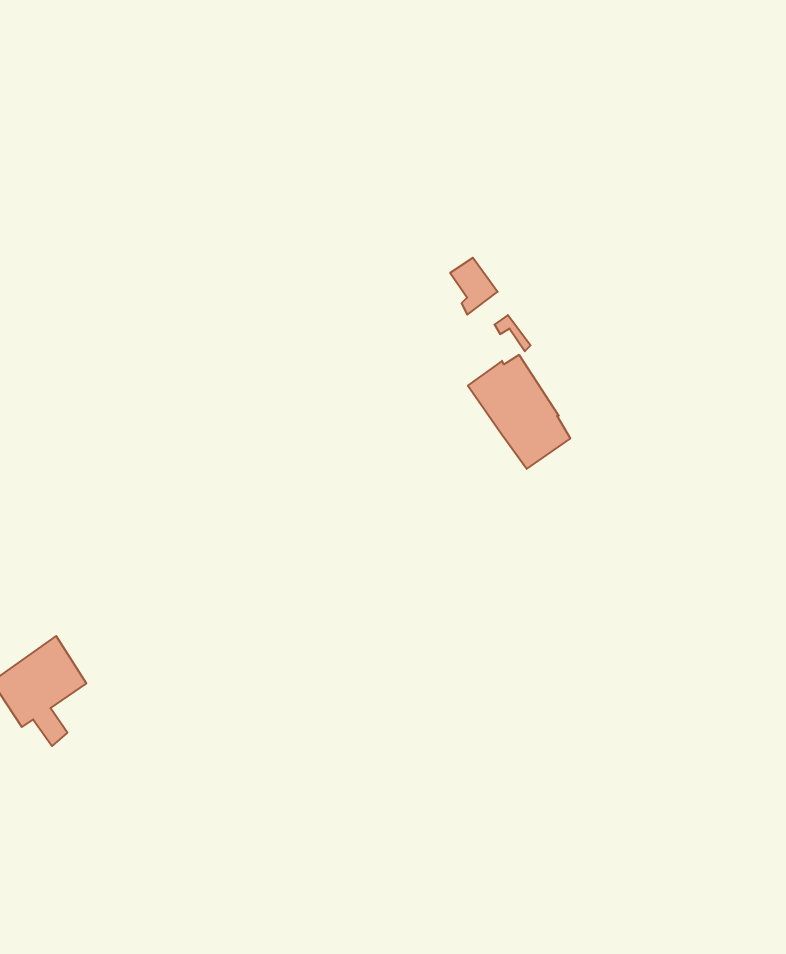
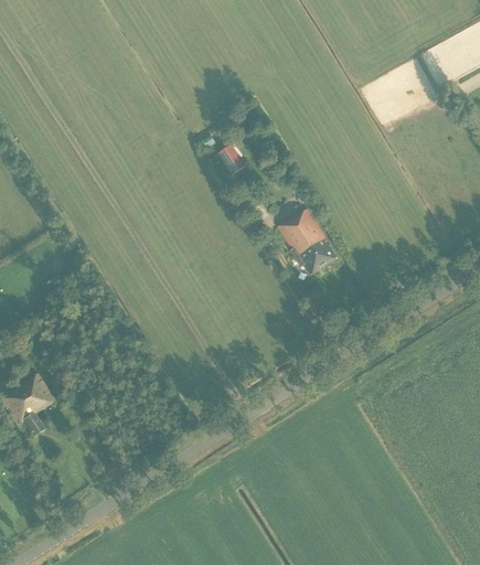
building: [450,258,498,315] -> [217,143,245,177]

